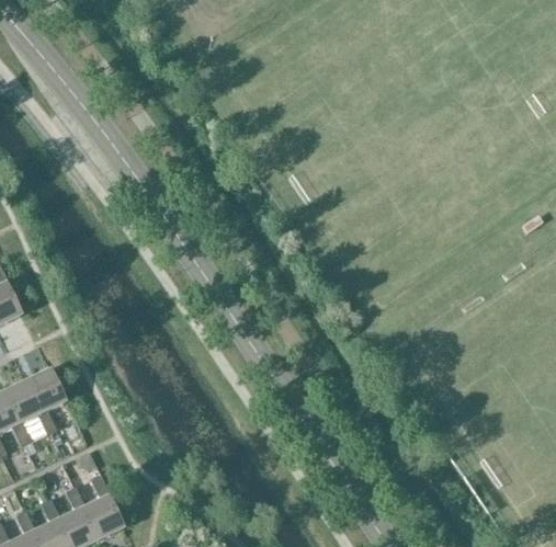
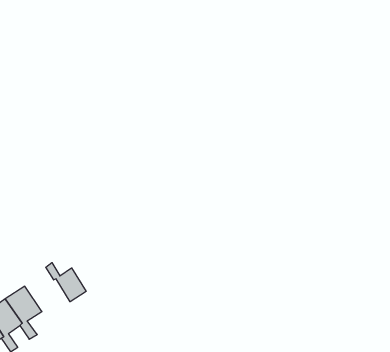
building: none -> [46,263,86,302]

